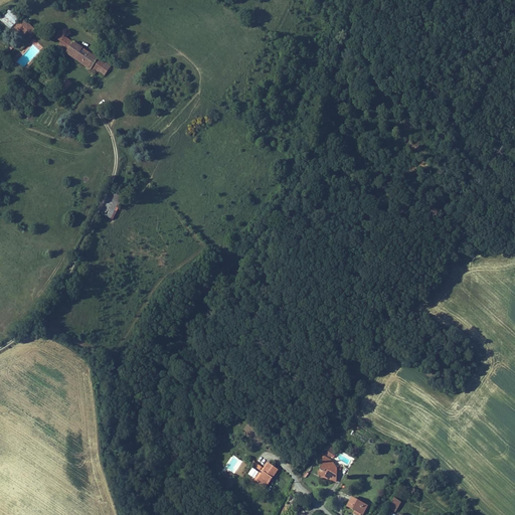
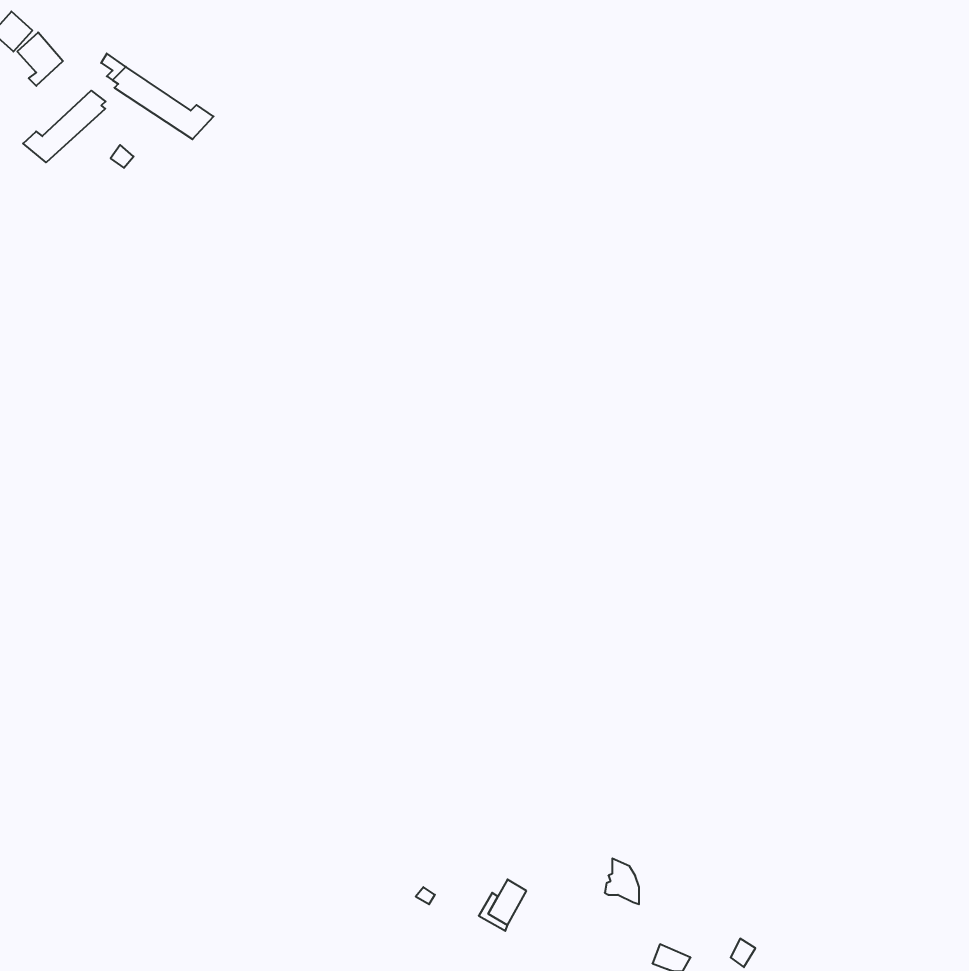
building: none -> [23,91,106,162]

